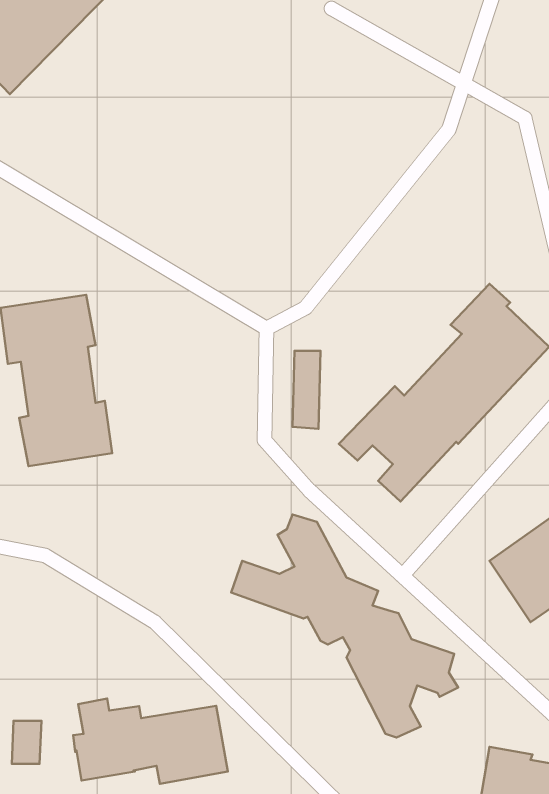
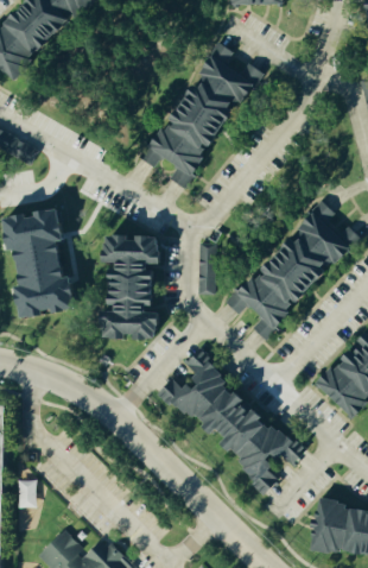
building: none -> [141,43,262,188]
building: none -> [108,235,165,339]
building: [73,698,228,784] -> none

